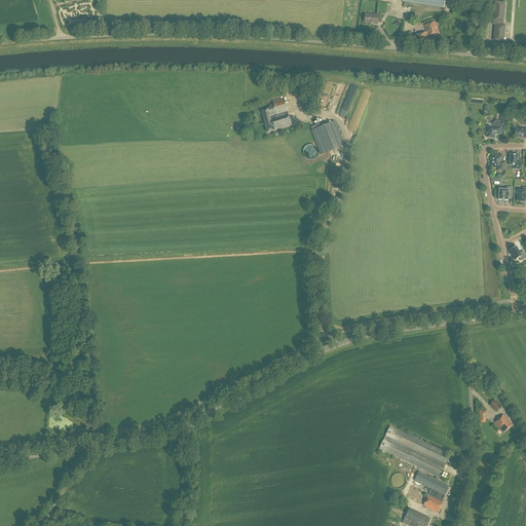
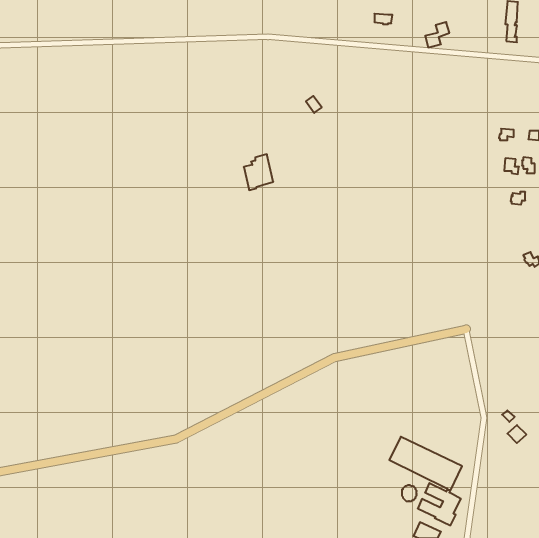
building: [262,98,291,133] -> [244,154,273,190]
building: [311,120,344,154] -> none

